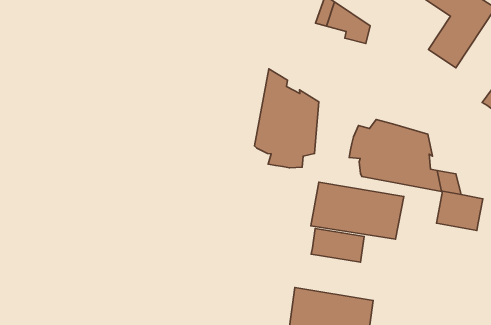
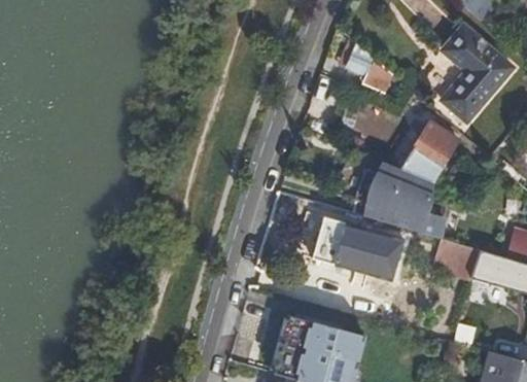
building: [255,69,319,168] -> none
building: none -> [401,123,458,182]
building: [311,228,364,262] -> none

